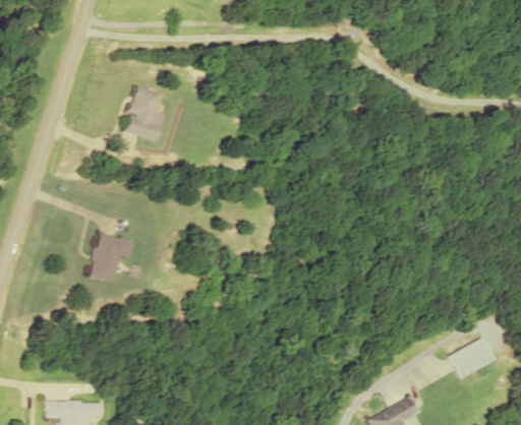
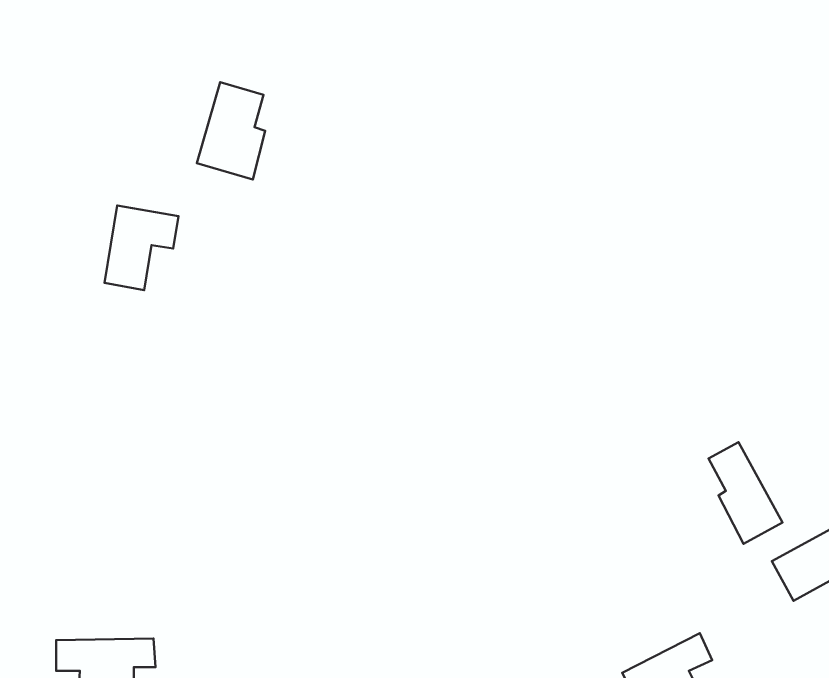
building: [91,234,132,282] -> [105,205,178,290]
building: none -> [708,442,783,544]

